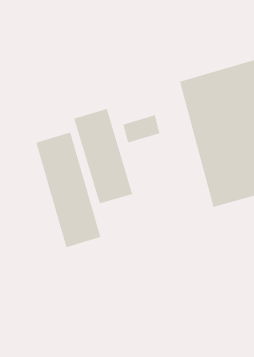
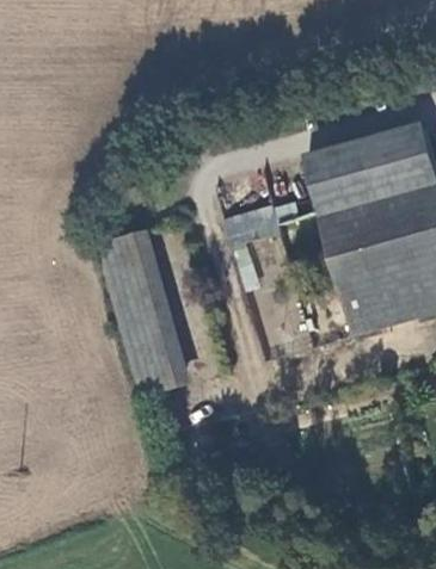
building: [74,108,133,204] -> none

